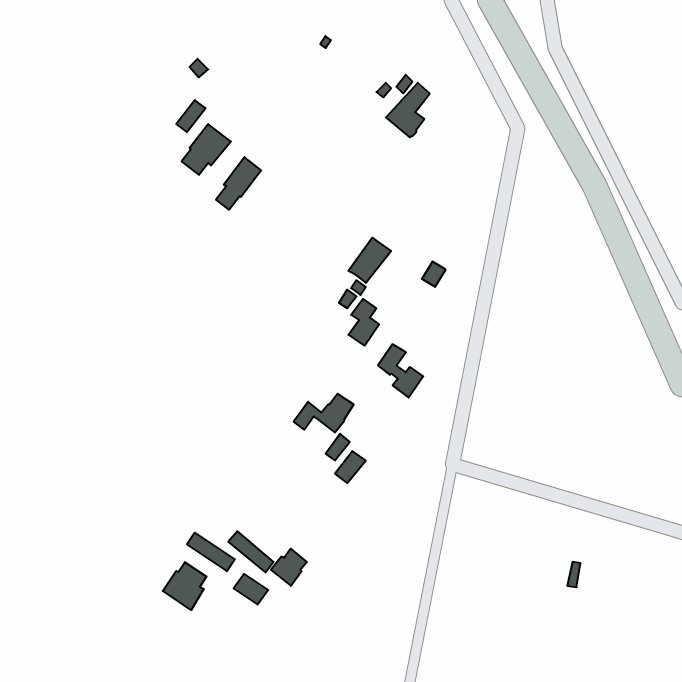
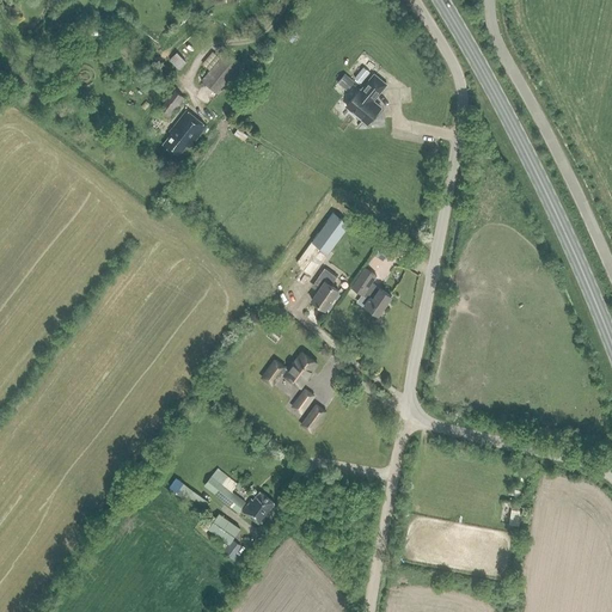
building: none -> [202,51,241,93]
building: [216,157,261,210] -> none
building: [378,344,423,398] -> [351,268,392,316]
building: [163,562,207,610] -> none

